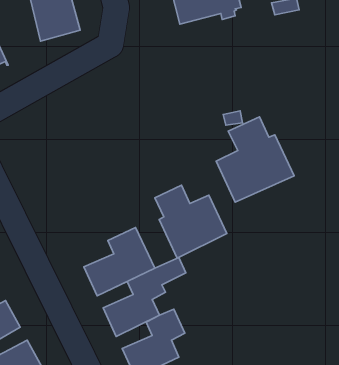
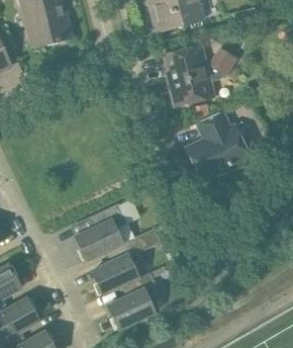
building: none -> [165,45,237,105]
building: [155,185,227,258] -> none

